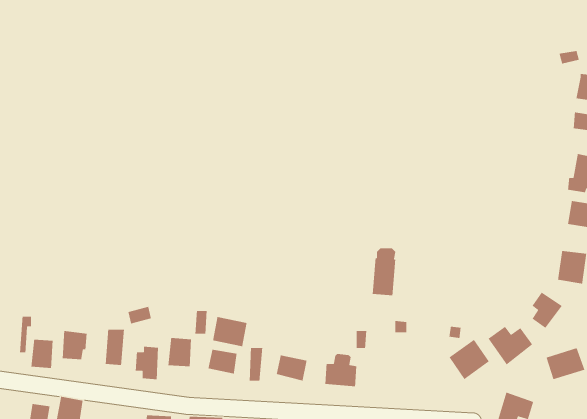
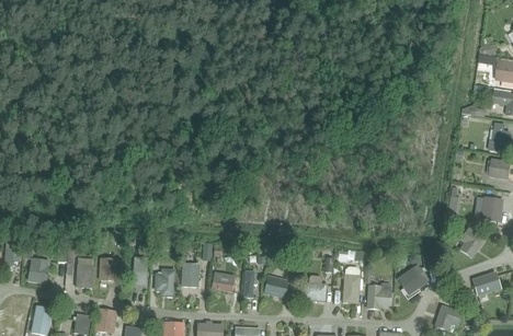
building: [372,247,396,296] -> [342,267,361,304]
building: [212,316,247,347] -> none
building: [487,326,533,365] -> none
building: none -> [366,283,391,310]

